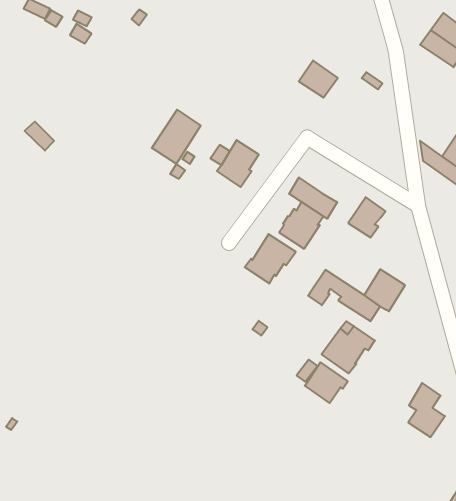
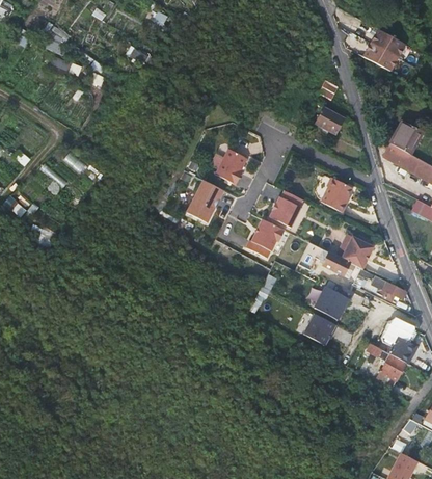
building: [299,60,338,98] -> [314,105,344,133]
building: [152,110,201,164] -> [187,180,223,222]
building: [289,177,337,219] -> none
building: none -> [352,267,406,299]
building: none -> [367,344,406,391]

